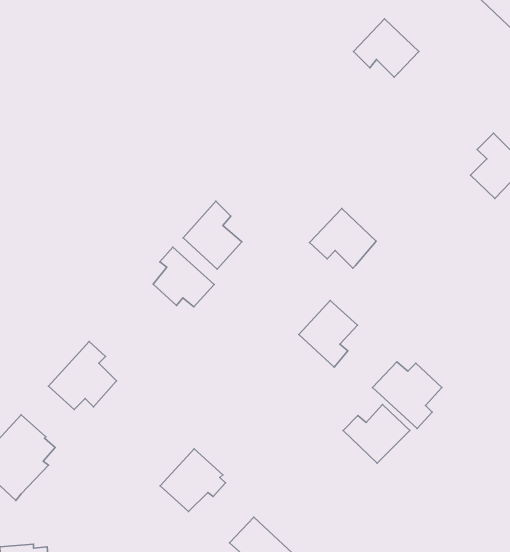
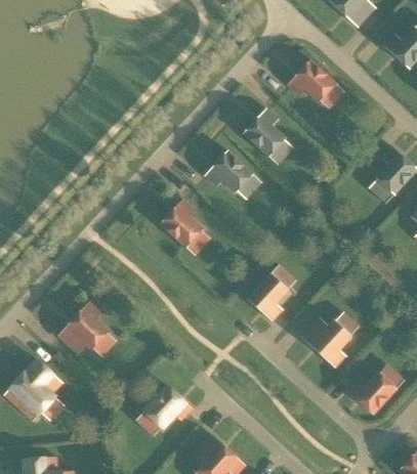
building: none -> [244,109,288,159]
building: [309,208,376,268] -> [205,150,255,196]
building: [153,247,214,307] -> none
building: [343,405,410,463] -> [349,372,400,416]

